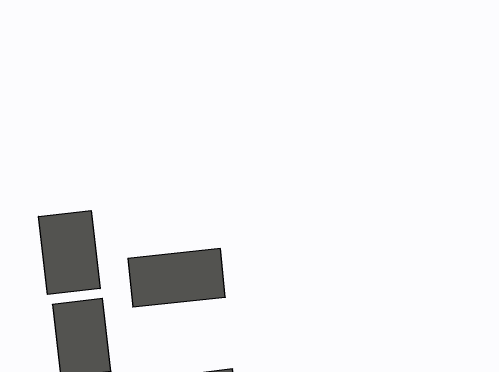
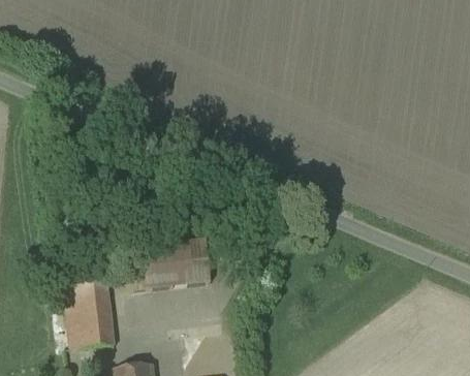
building: [39,211,100,294] -> none

